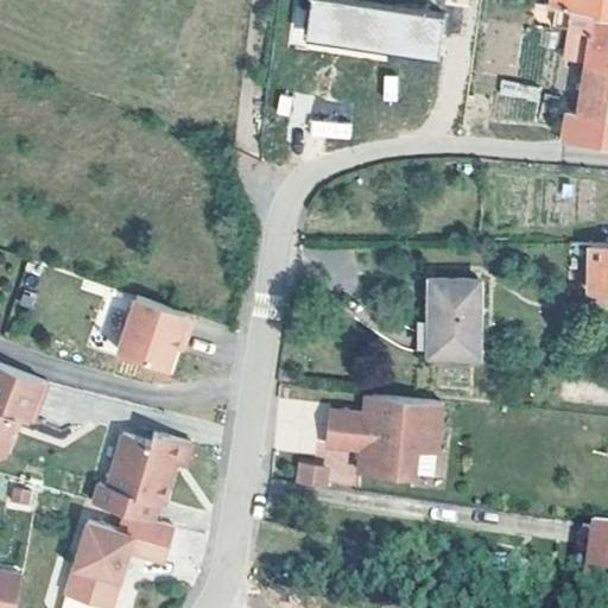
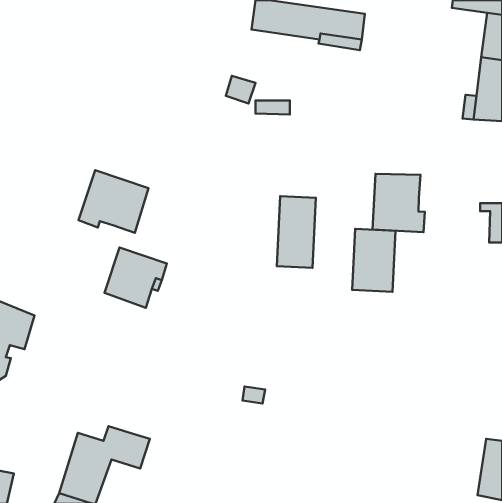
building: none -> [79,170,149,233]
building: none -> [372,174,425,232]
building: none -> [277,196,316,268]
building: [322,394,439,480] -> none
building: [100,435,200,524] -> none

